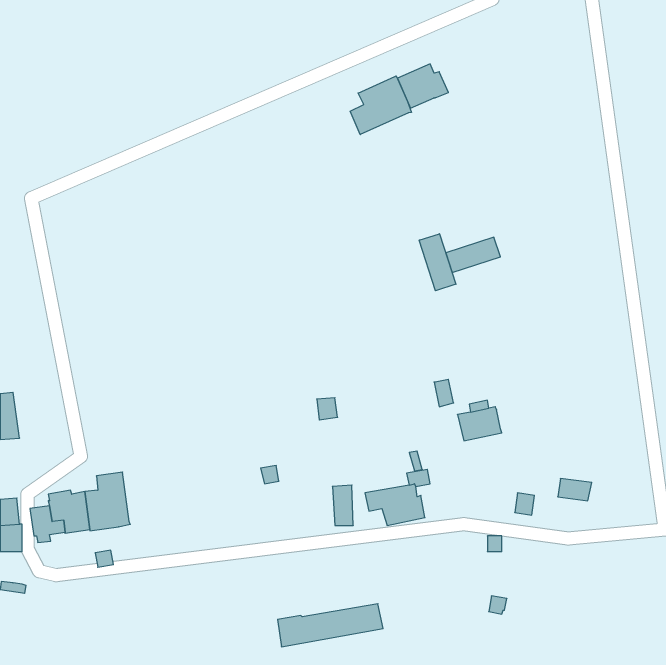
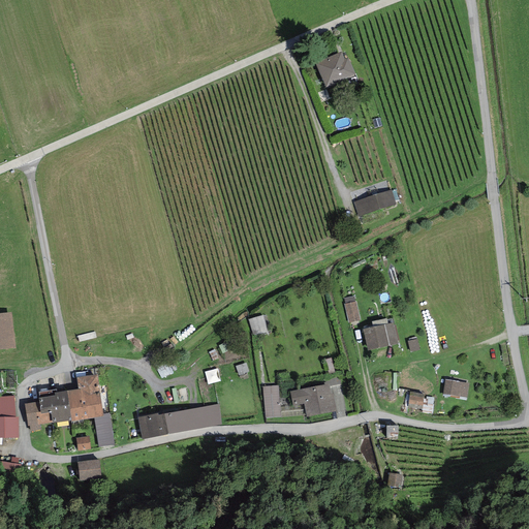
building: [350,76,411,135] -> none
building: [419,234,456,291] -> none
building: none -> [94,412,114,445]
building: none -> [77,459,101,479]
building: [278,604,383,647] -> [138,404,222,438]

